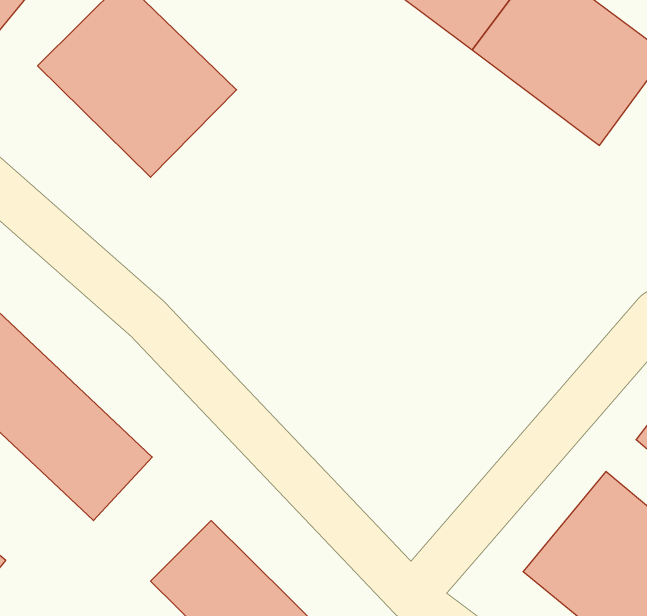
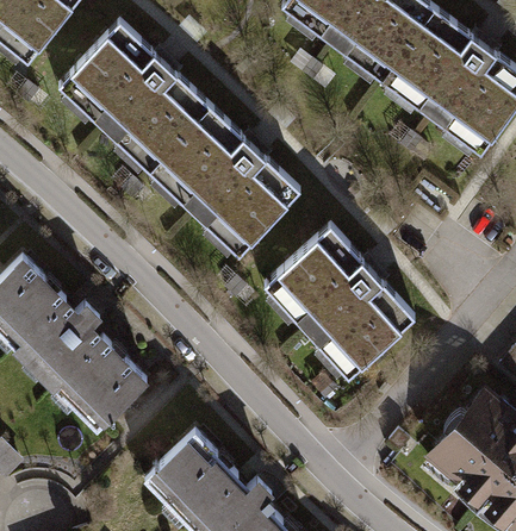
building: none -> [143,102,298,257]
building: none -> [268,231,419,383]

